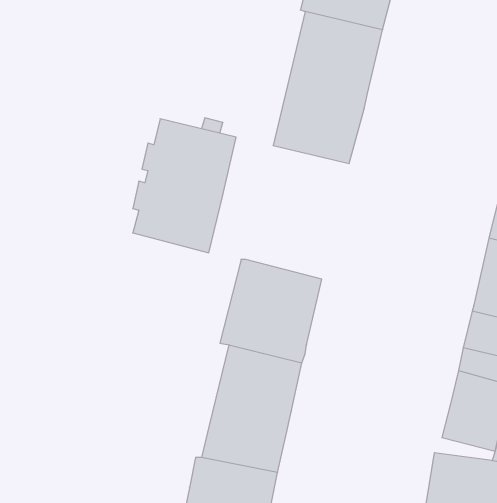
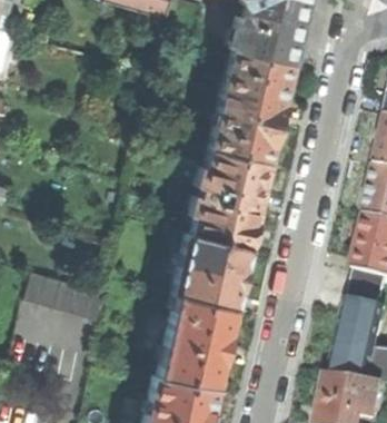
building: [133,119,236,253] -> [188,148,264,246]
building: none -> [21,272,105,318]

